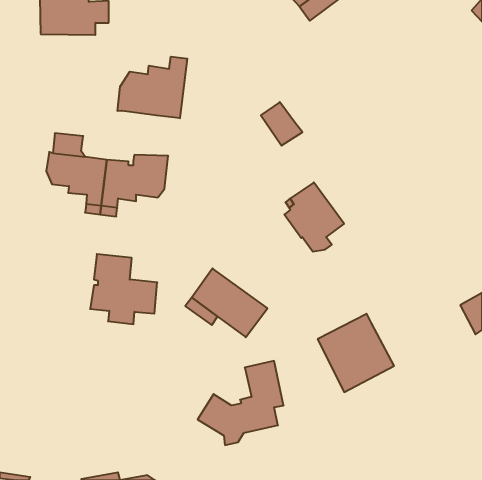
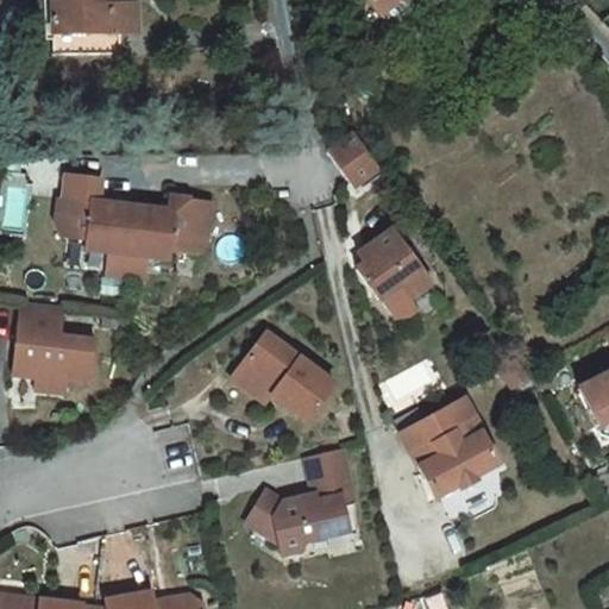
building: [118,57,187,118] -> none
building: [90,254,157,324] -> [12,300,96,388]

